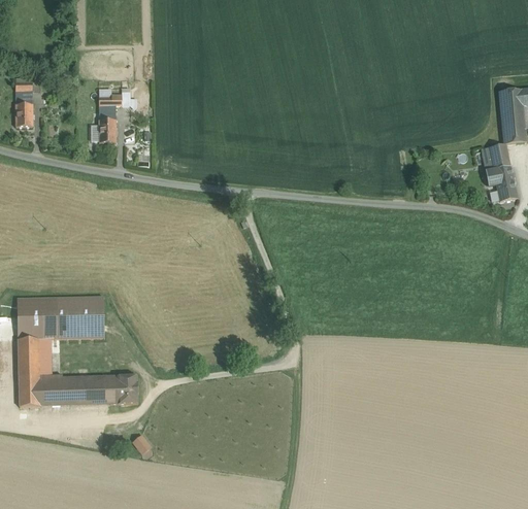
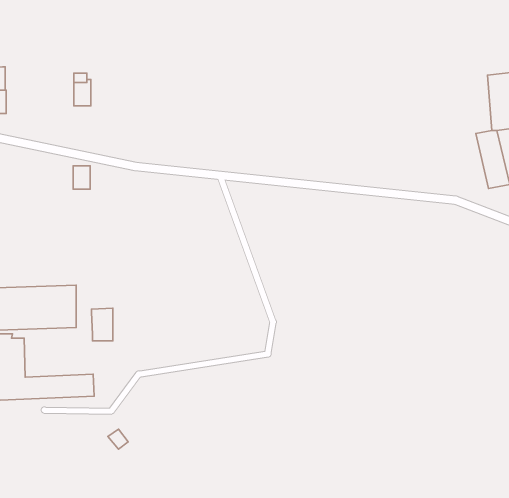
building: [99,120,116,142] -> [73,166,90,189]
building: [118,376,138,408] -> [92,308,113,341]

